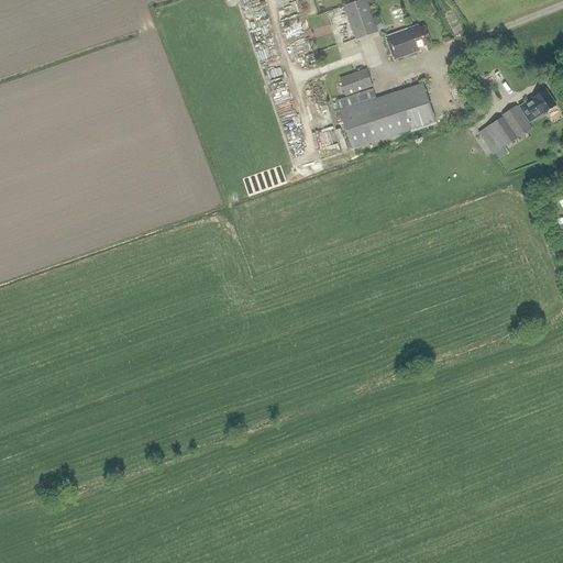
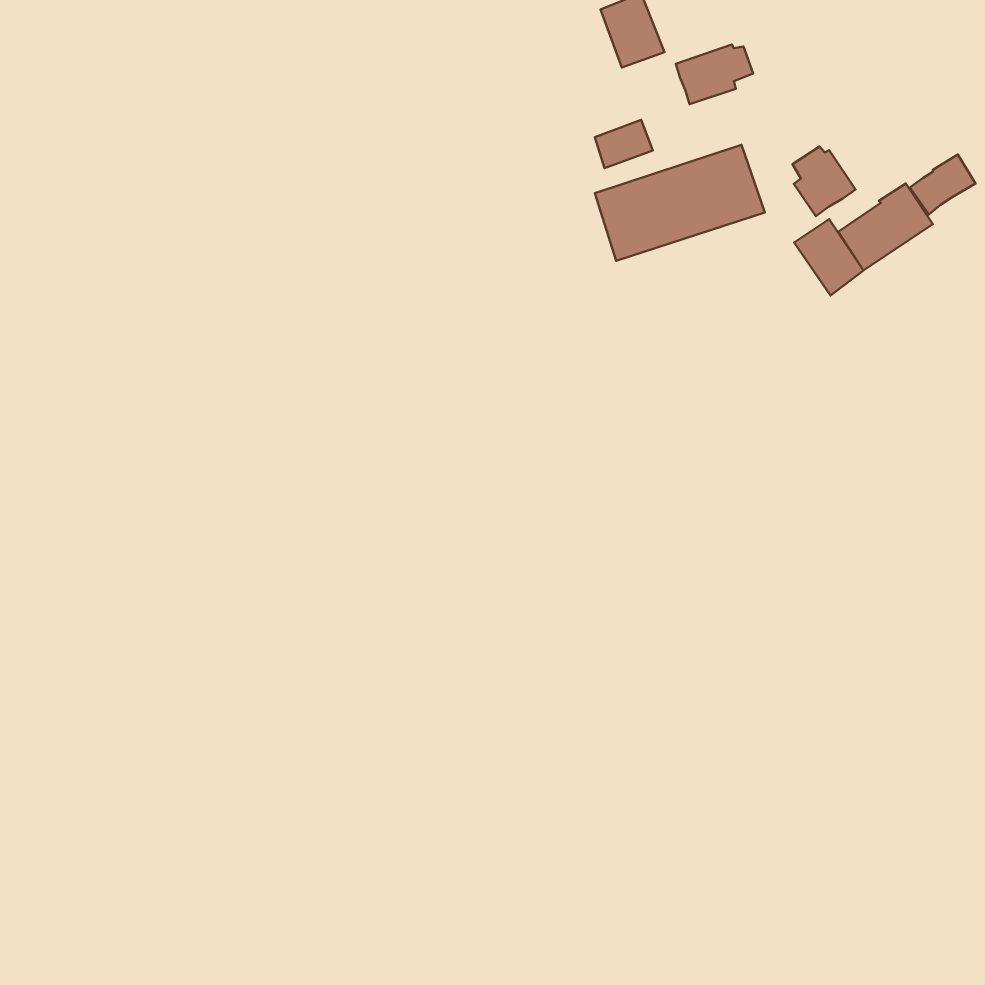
building: none -> [793,147,855,216]
building: none -> [794,219,863,295]

